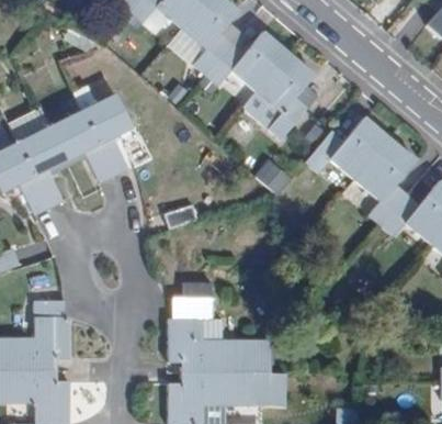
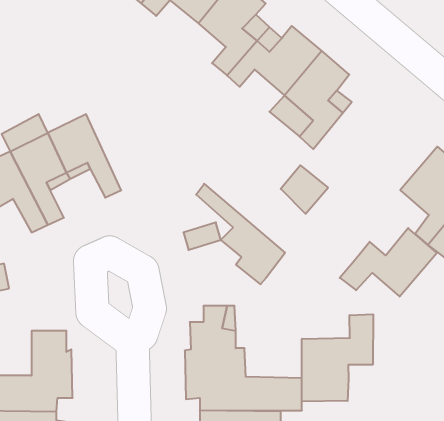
building: [73,88,131,177] -> none
building: [305,116,390,177] -> [340,228,437,297]
building: none -> [196,184,285,284]
building: none -> [302,314,373,402]

